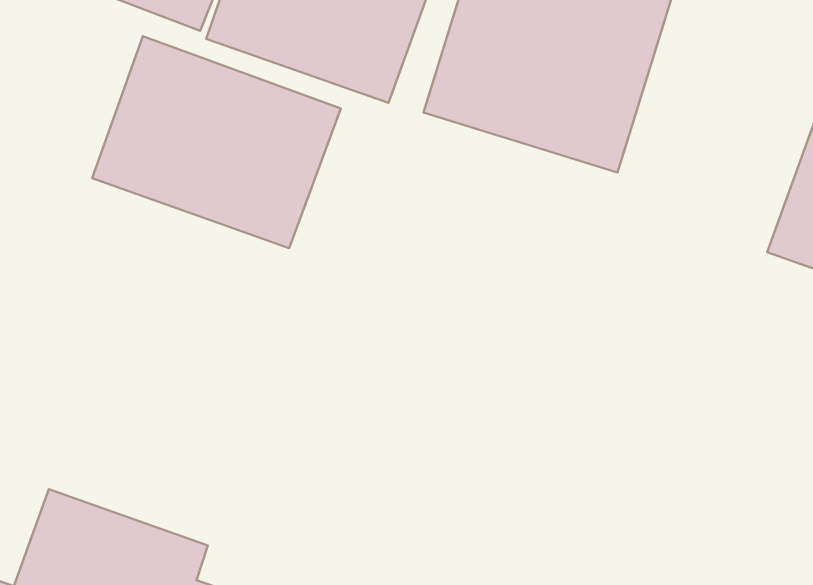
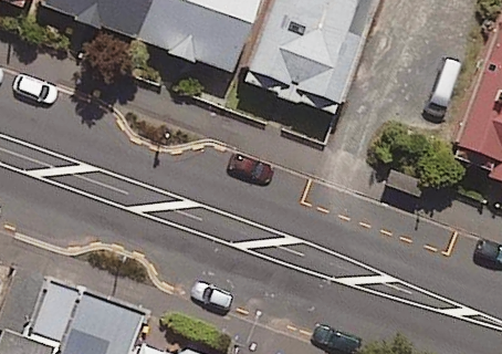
building: [92,36,341,248] -> none

